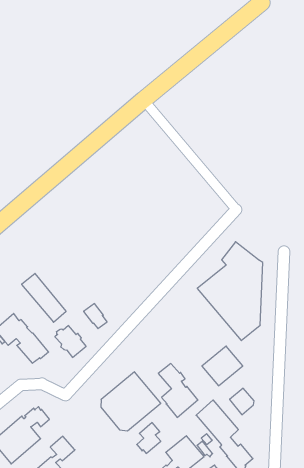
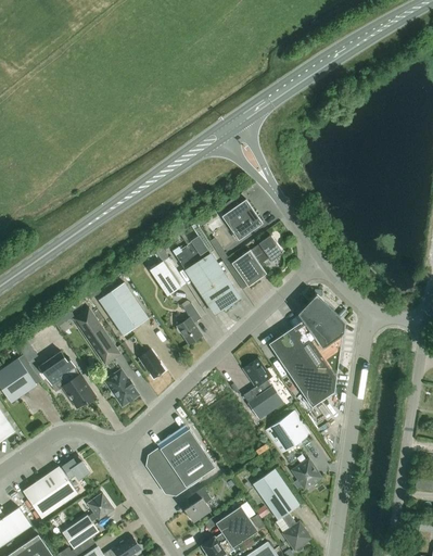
building: none -> [221,199,263,240]
building: none -> [174,225,239,315]
building: none -> [231,235,283,287]
building: none -> [150,261,180,295]
building: none -> [99,282,149,336]
building: none -> [176,303,202,344]
building: [158,364,198,417] -> [242,358,283,419]

